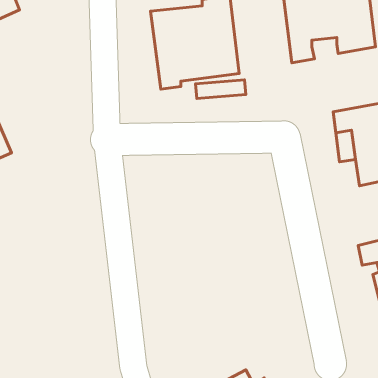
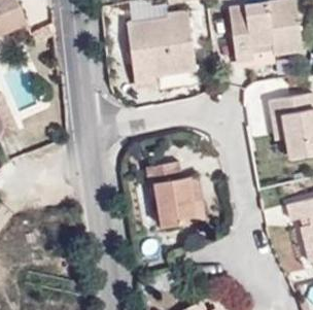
building: none -> [146,162,205,227]

